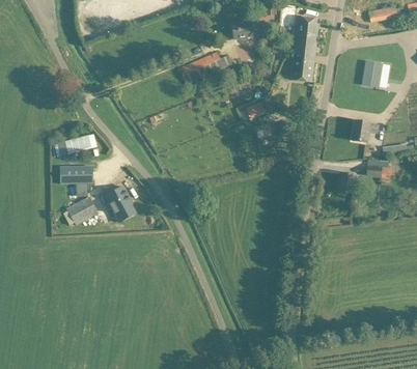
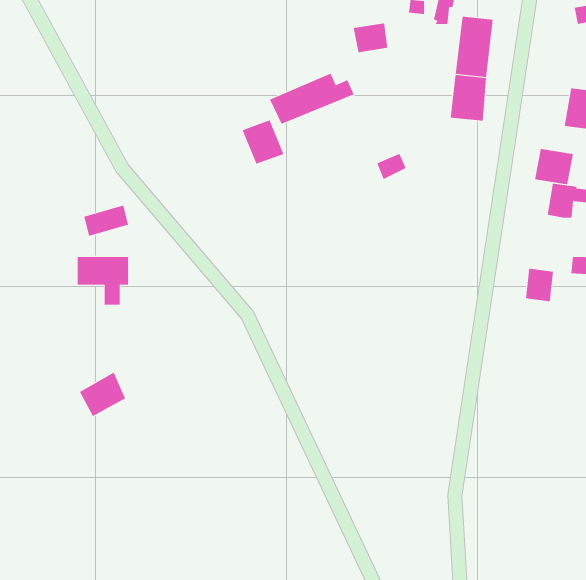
building: none -> [242,120,284,165]
building: none -> [534,148,574,185]
building: [106,186,136,221] -> none
building: [68,196,98,224] -> [79,372,126,417]

